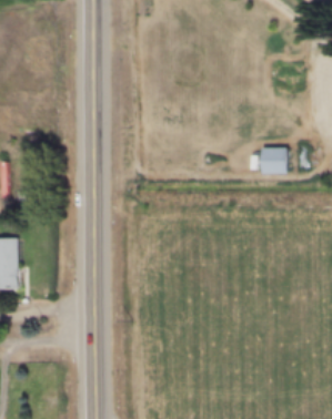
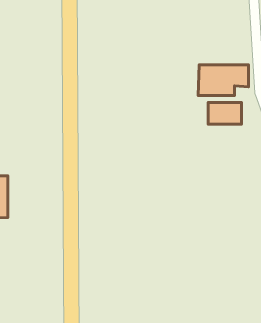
building: none -> [198,65,249,95]

